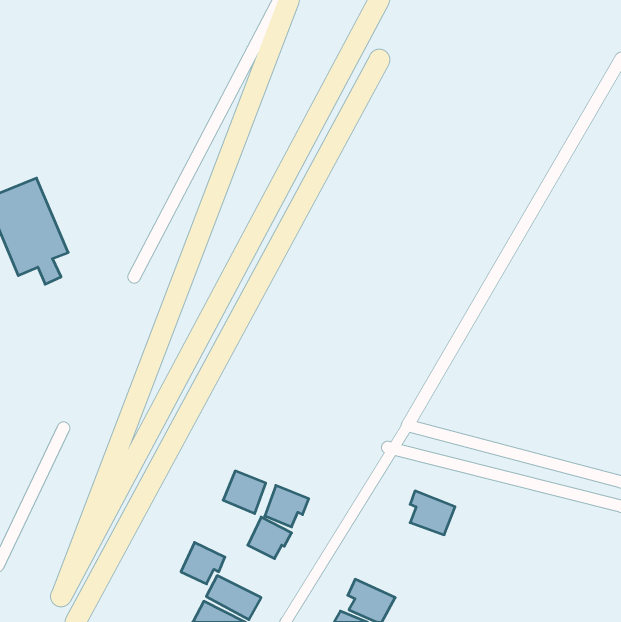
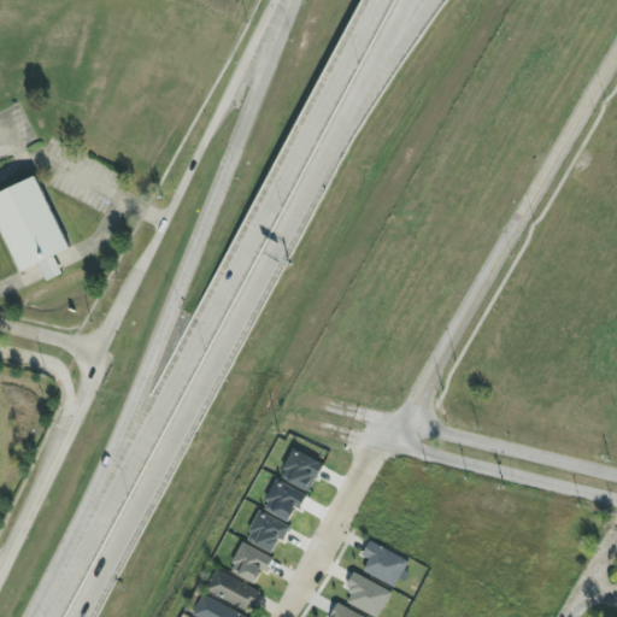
building: [223,471,266,514] -> [278,449,321,492]
building: [410,491,455,535] -> [362,542,406,586]
building: [181,542,225,584] -> [228,542,271,583]

